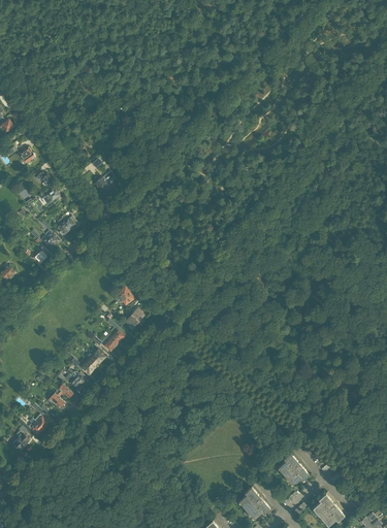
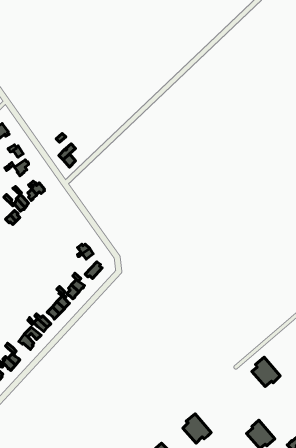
building: [278,452,311,486] -> [252,357,280,386]

